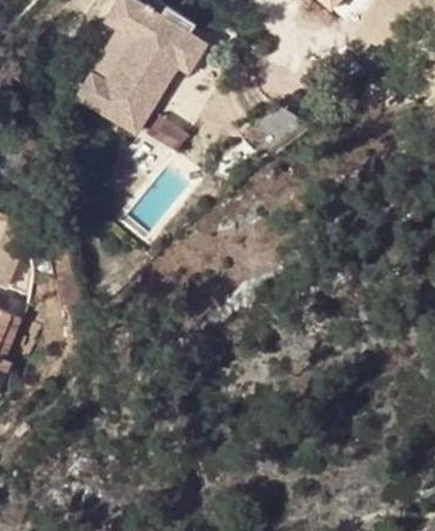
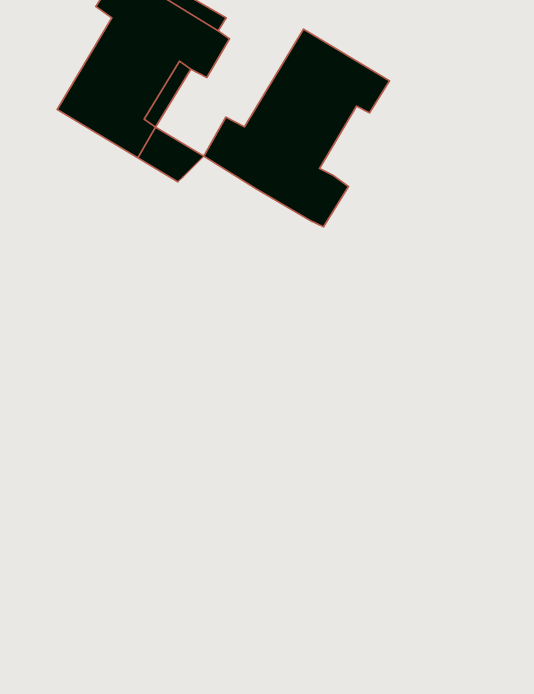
building: none -> [204,29,390,227]

